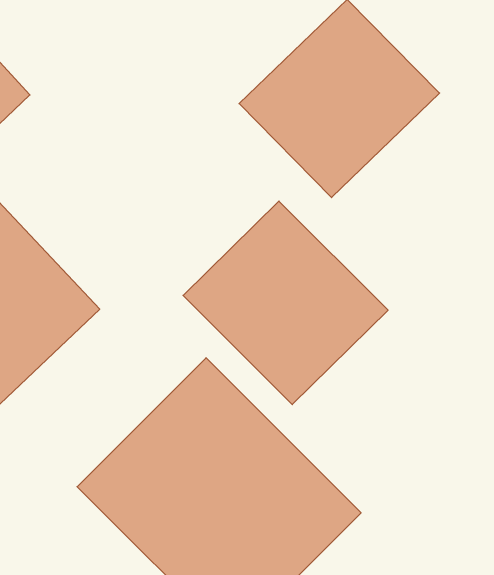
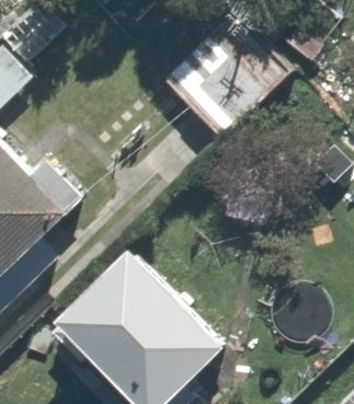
building: [183,201,388,405] -> none

